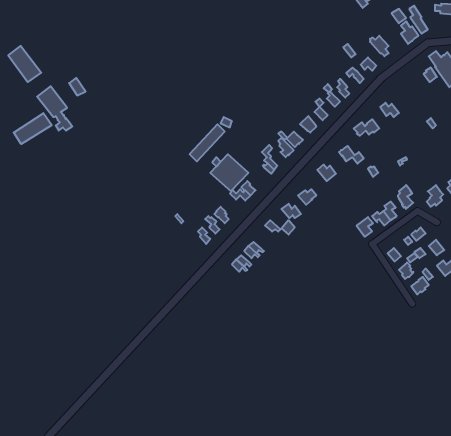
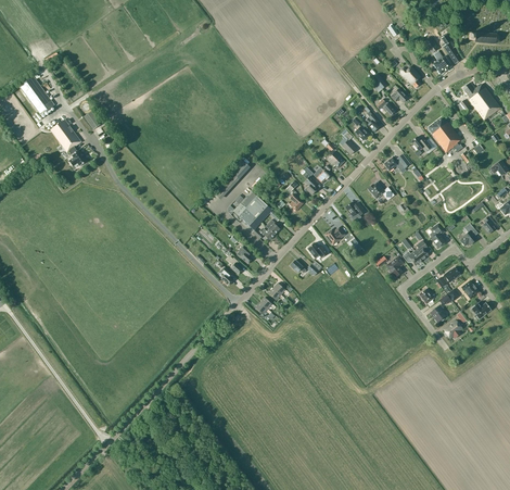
building: none -> [426,116,461,153]
building: [14,113,52,144] -> none

